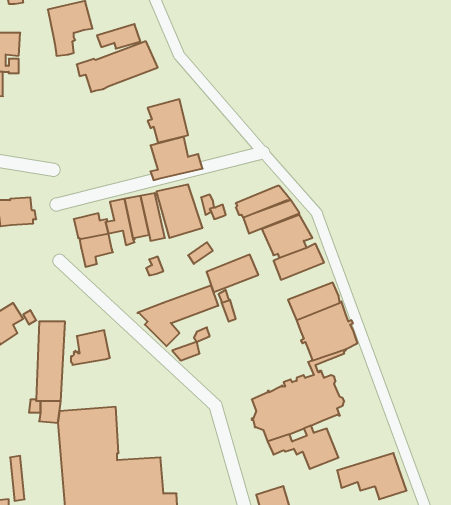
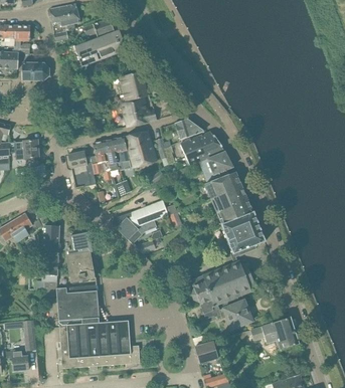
building: none -> [20,59,51,82]
building: none -> [174,118,203,139]
building: [206,255,258,292] -> [211,184,247,210]
building: none -> [66,251,95,281]

